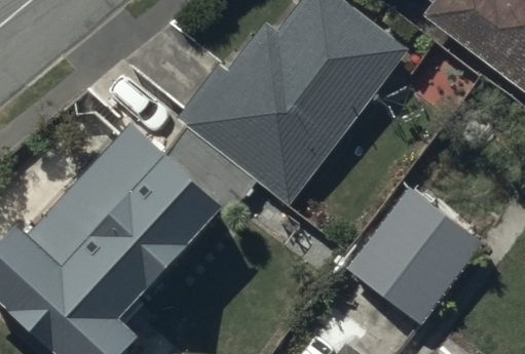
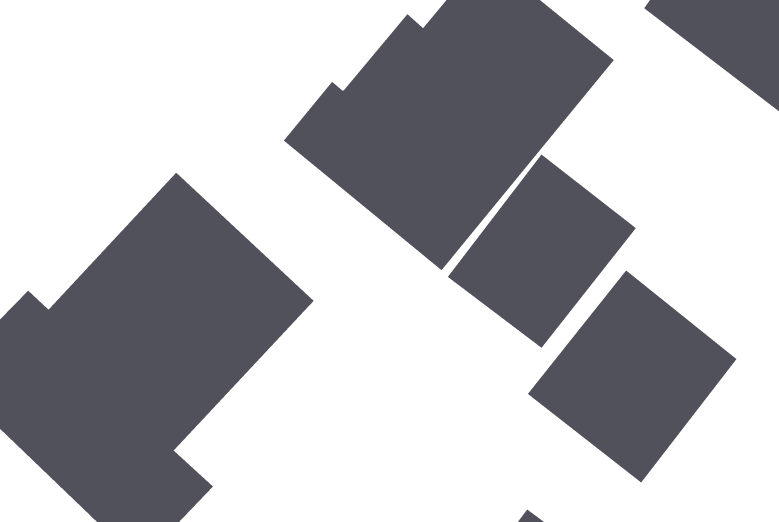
building: none -> [447,153,637,349]

